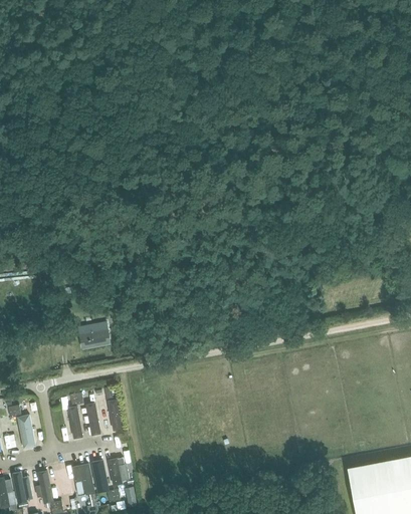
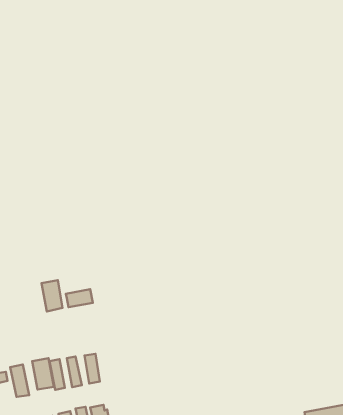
building: none -> [42,280,63,312]
building: none -> [32,358,54,390]

